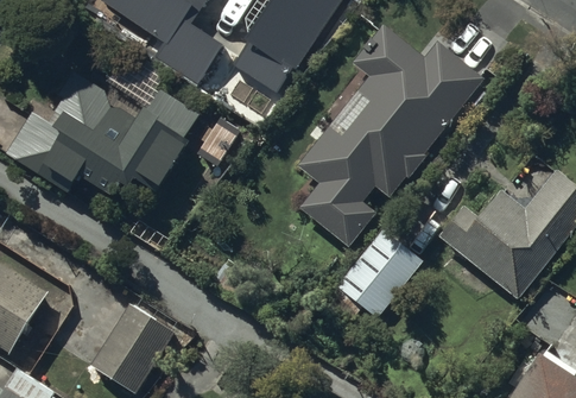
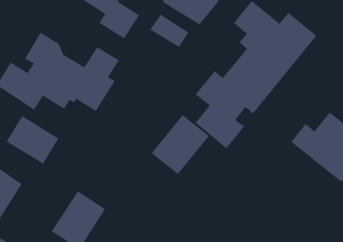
building: none -> [6,115,59,164]
building: [335,228,422,317] -> [151,114,210,175]

